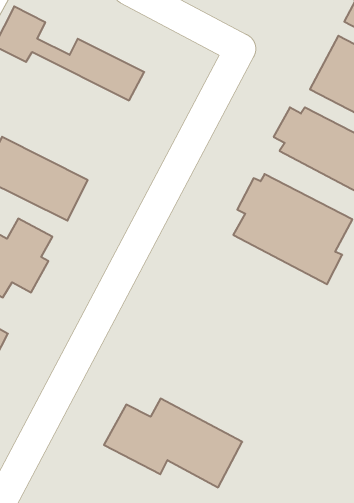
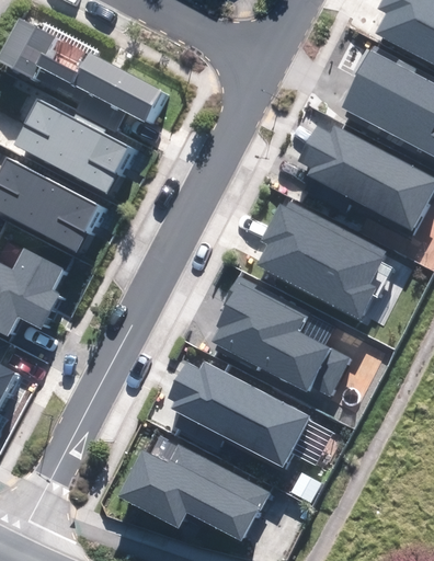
building: none -> [13,100,130,193]
building: none -> [213,278,347,394]
building: none -> [170,362,308,467]

